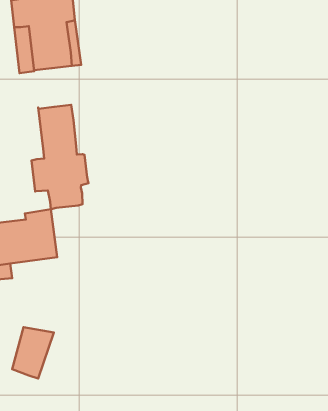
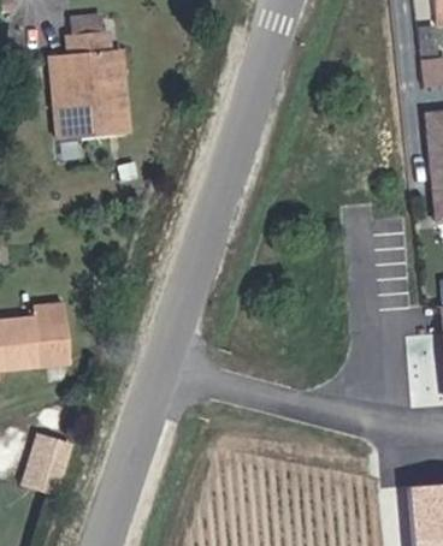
building: [32,105,88,209] -> none

